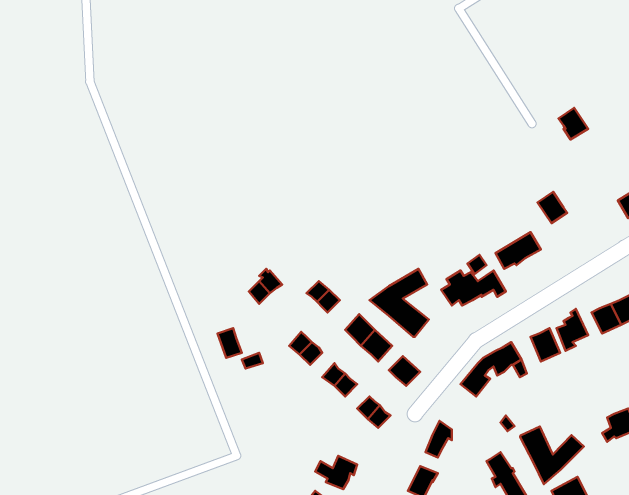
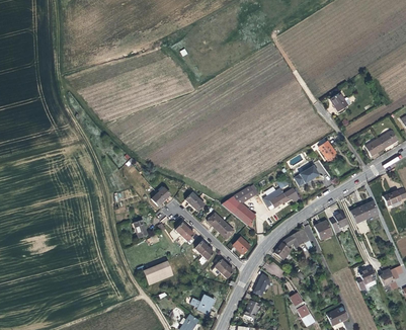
building: none -> [143,260,173,284]
building: [520,426,584,484] -> none

